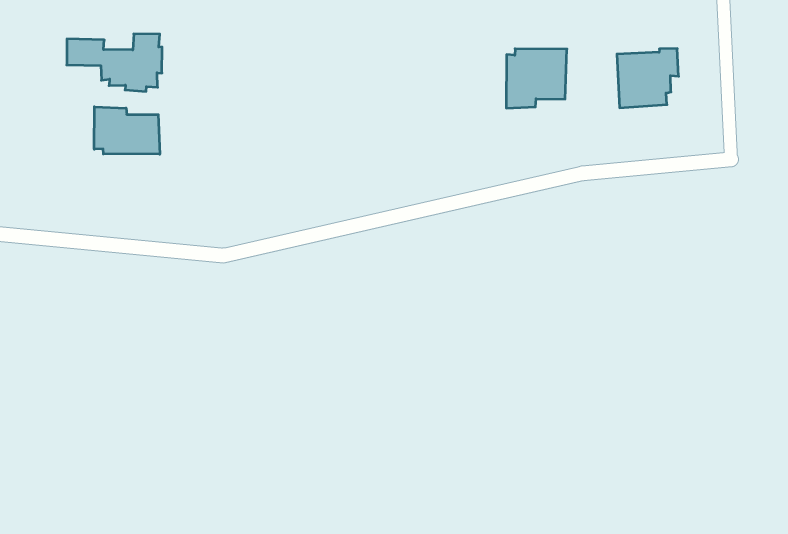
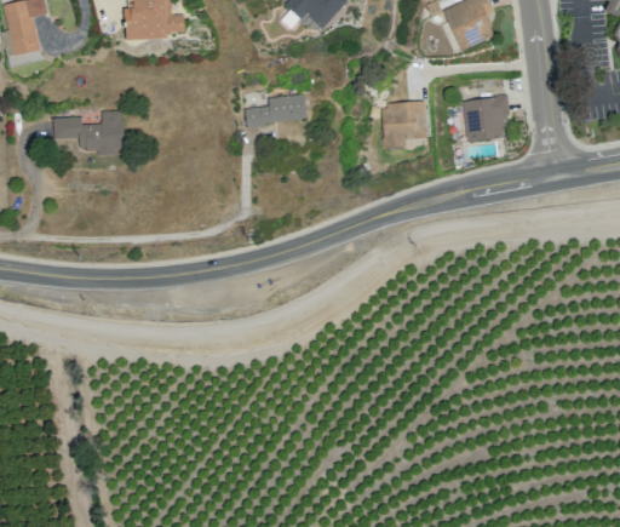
building: none -> [245,94,306,128]
building: [94,107,160,154] -> none

